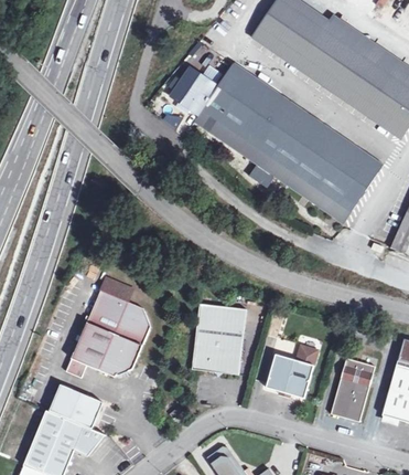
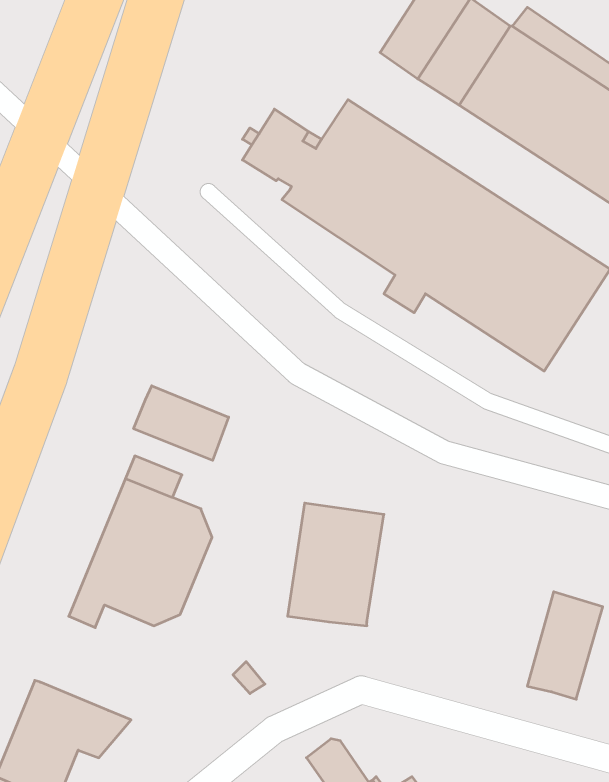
building: none -> [134,386,229,460]
building: [268,345,320,395] -> none
building: [50,382,99,425] -> none

